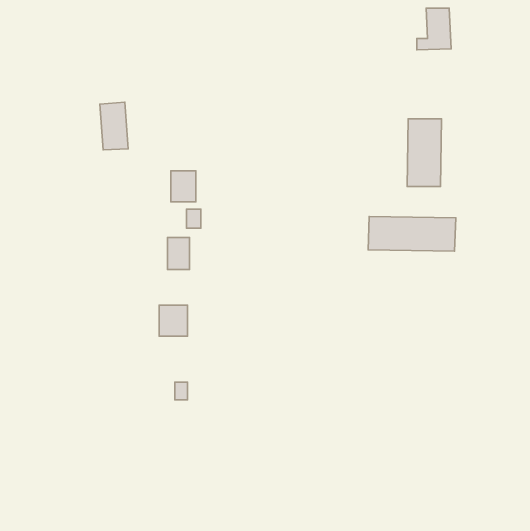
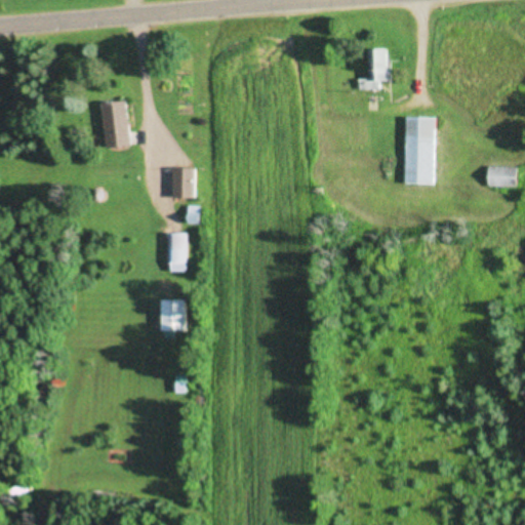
building: [417,8,451,50] -> [358,49,392,90]
building: none -> [487,167,517,187]
building: [368,217,456,251] -> none

